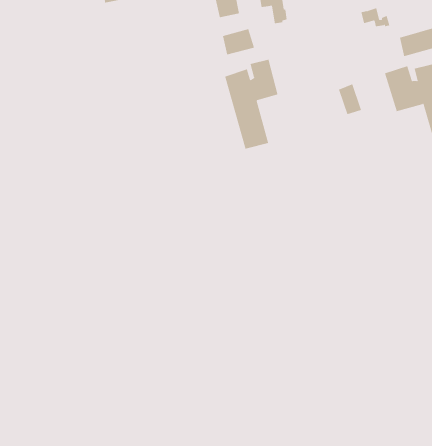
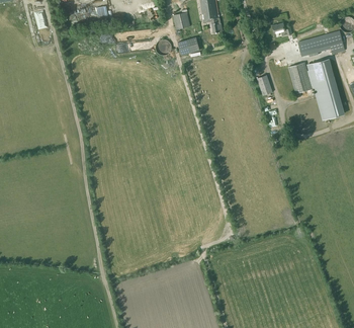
building: [224,59,278,150] -> none

